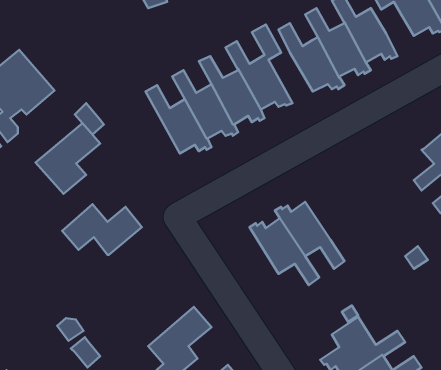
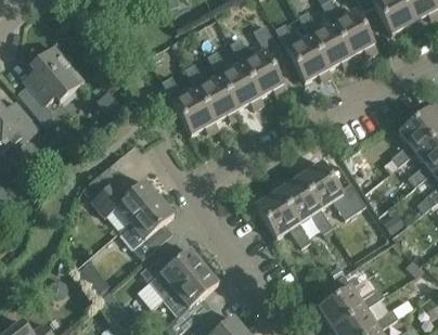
building: [36,123,100,194] -> [118,197,173,258]
building: none -> [294,162,365,218]
building: none -> [137,248,203,309]

